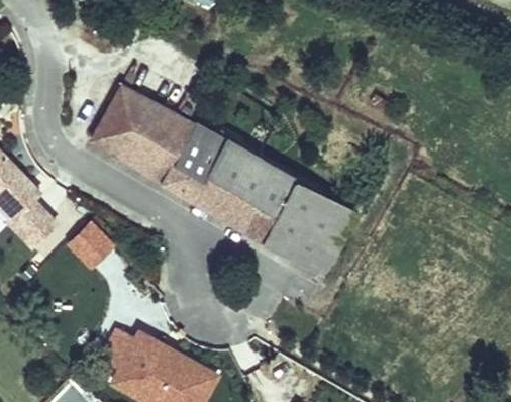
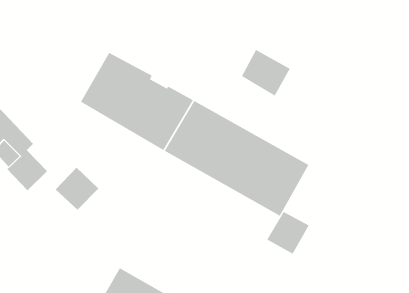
building: none -> [241,49,291,96]
building: none -> [267,211,309,255]

